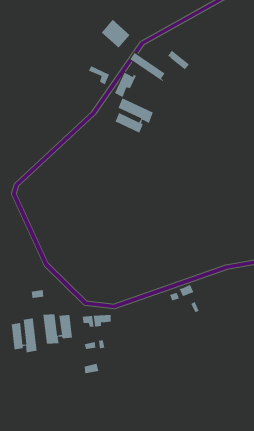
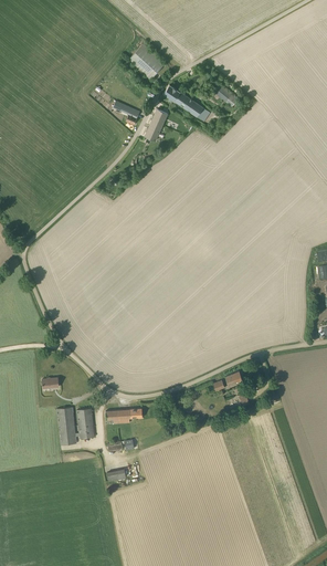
building: [115,97,154,134] -> none
building: [11,318,37,353] -> none

